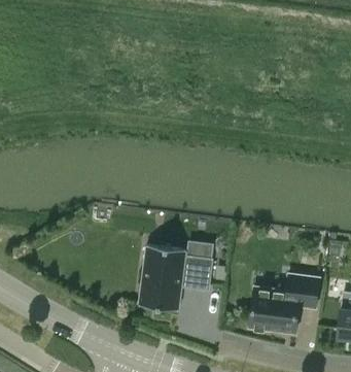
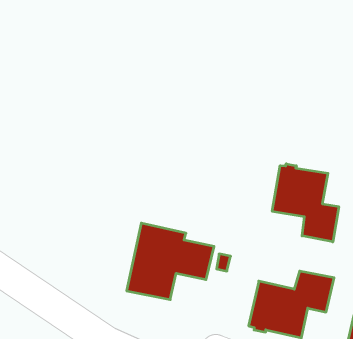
building: none -> [272,164,339,242]

